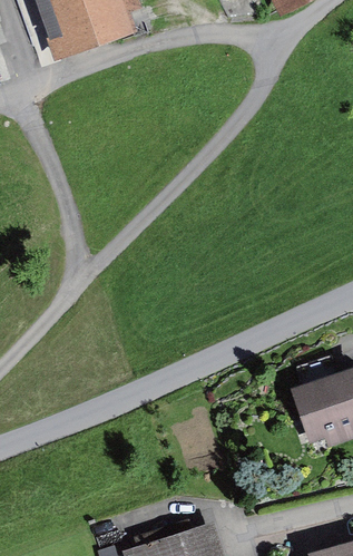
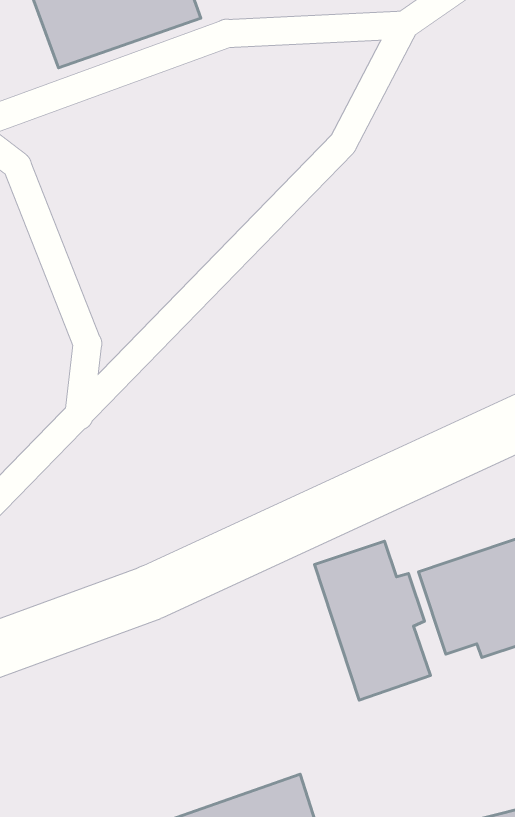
building: none -> [314,541,430,700]

